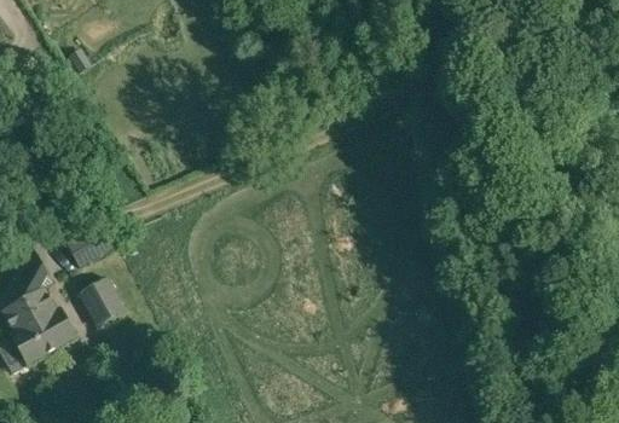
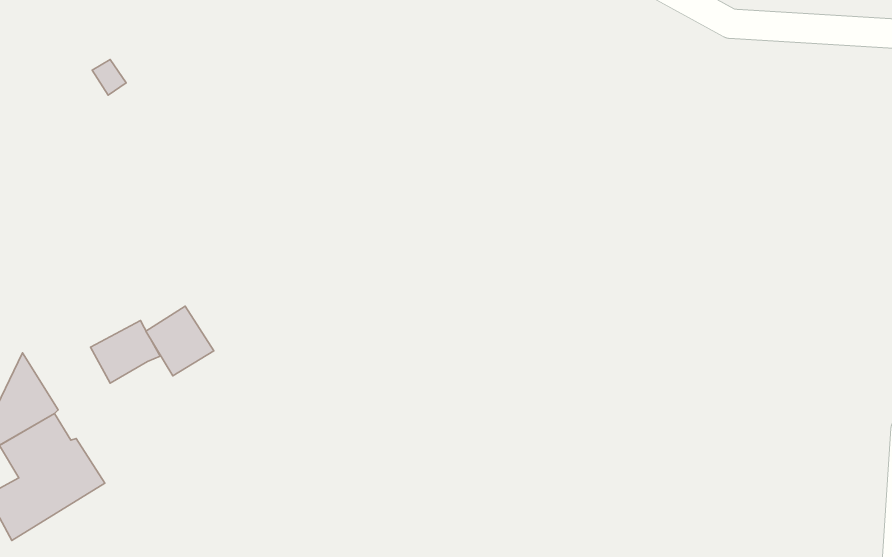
building: [76,274,122,321] -> [146,306,214,376]

